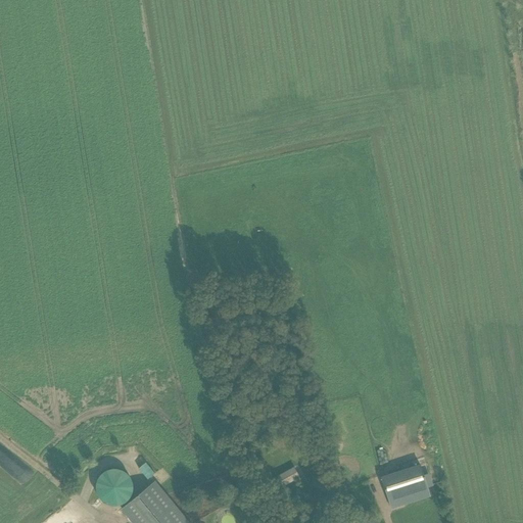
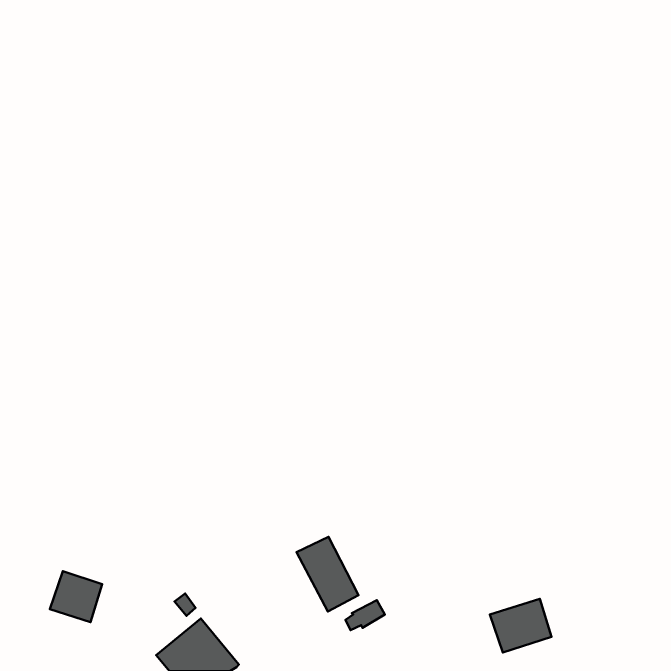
building: none -> [297,537,359,612]
building: [91,468,132,508] -> [50,571,102,622]

